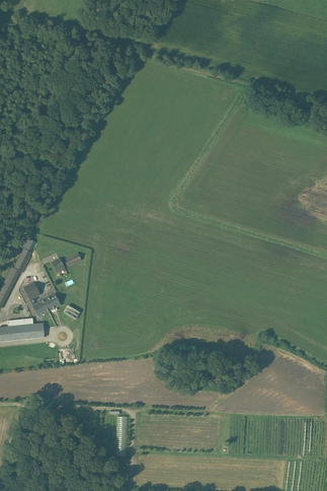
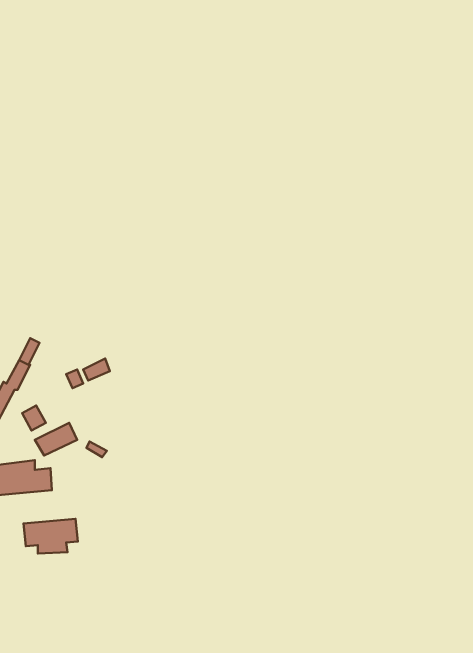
building: none -> [24,519,78,554]

